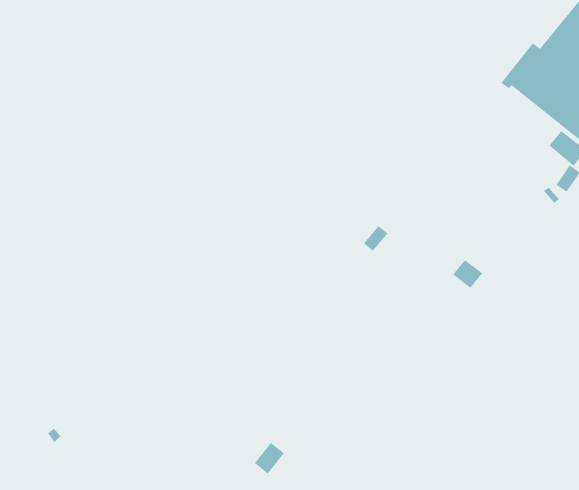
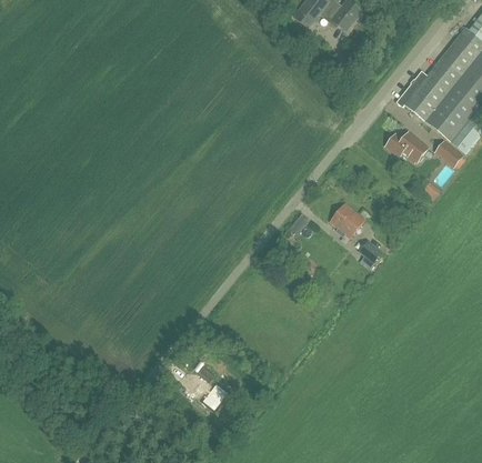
building: none -> [385,132,426,160]
building: none -> [329,201,364,236]

